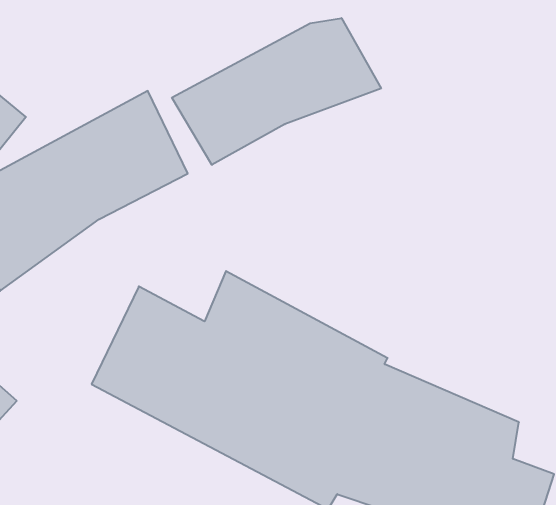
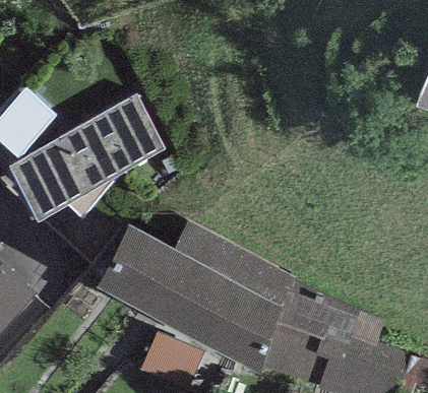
building: [172,18,381,165] -> none

